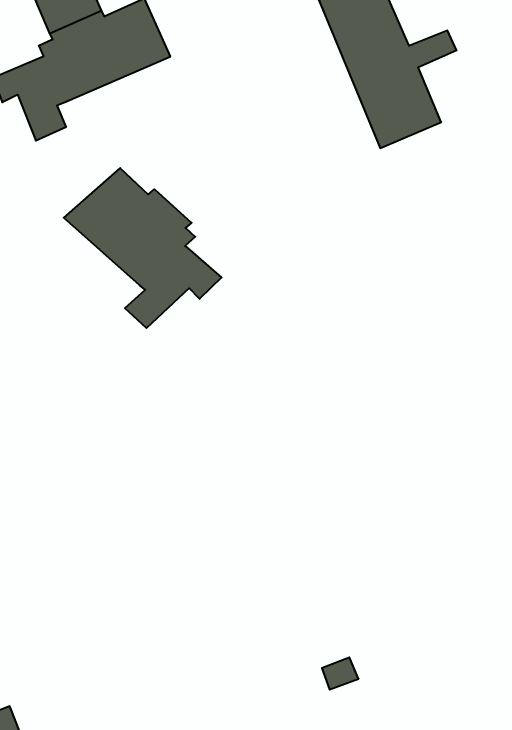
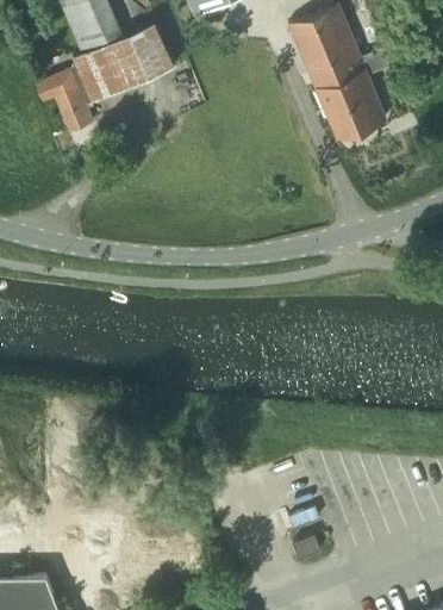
building: [64,168,222,328] -> none

